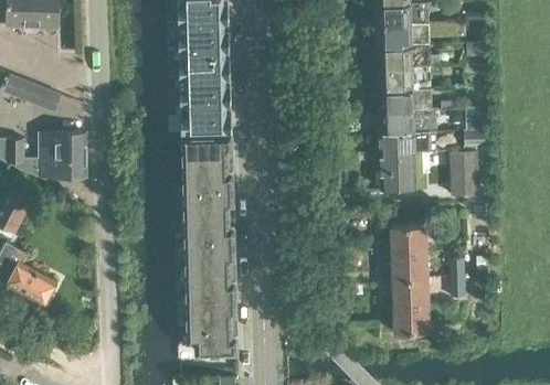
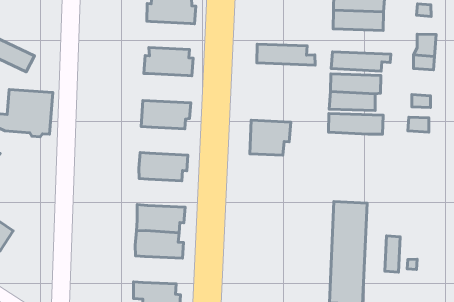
building: [377,45,440,67] -> [257,44,315,65]
building: [179,49,231,77] -> none
building: [180,104,232,133] -> none
building: [451,149,478,193] -> none
building: [380,151,422,188] -> [250,120,291,155]
building: [181,160,233,189] -> none
building: [183,215,234,244] -> none
building: [186,297,235,325] -> none

